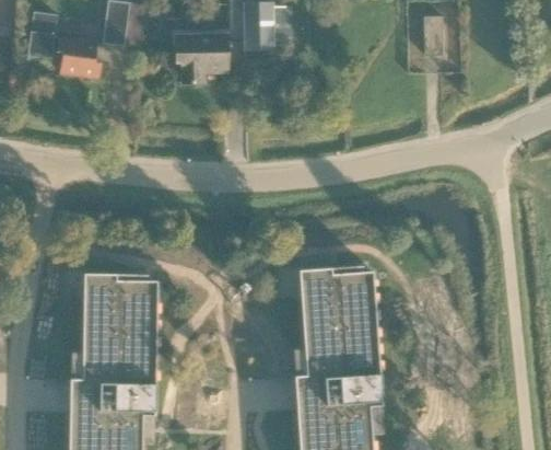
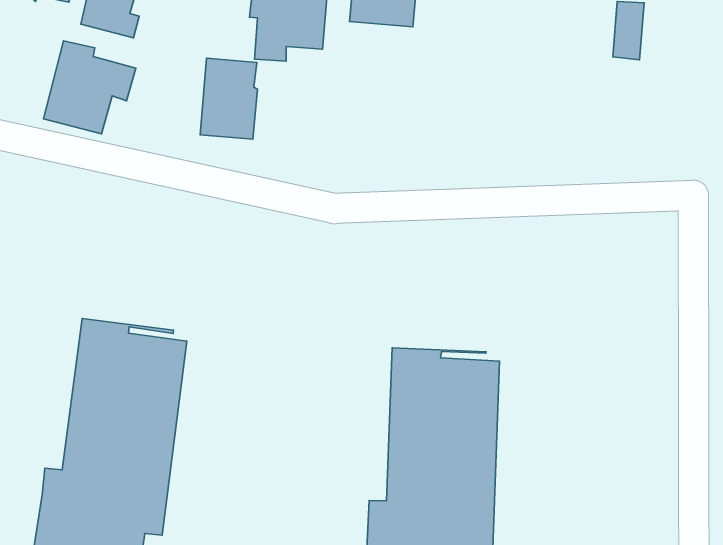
building: none -> [44,41,136,134]
building: none -> [200,58,257,139]

